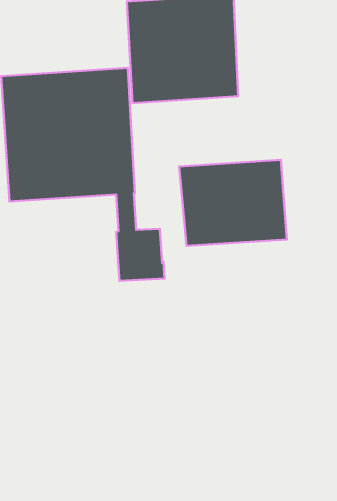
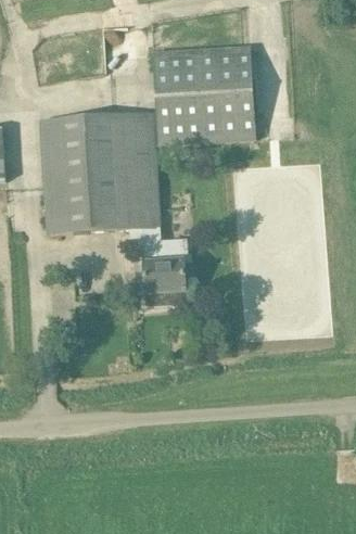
building: [179,160,287,246] -> none

